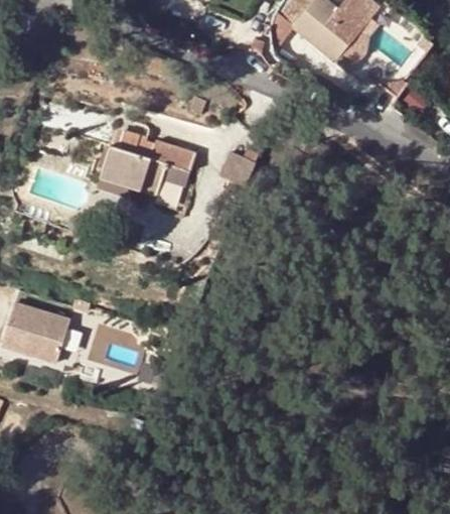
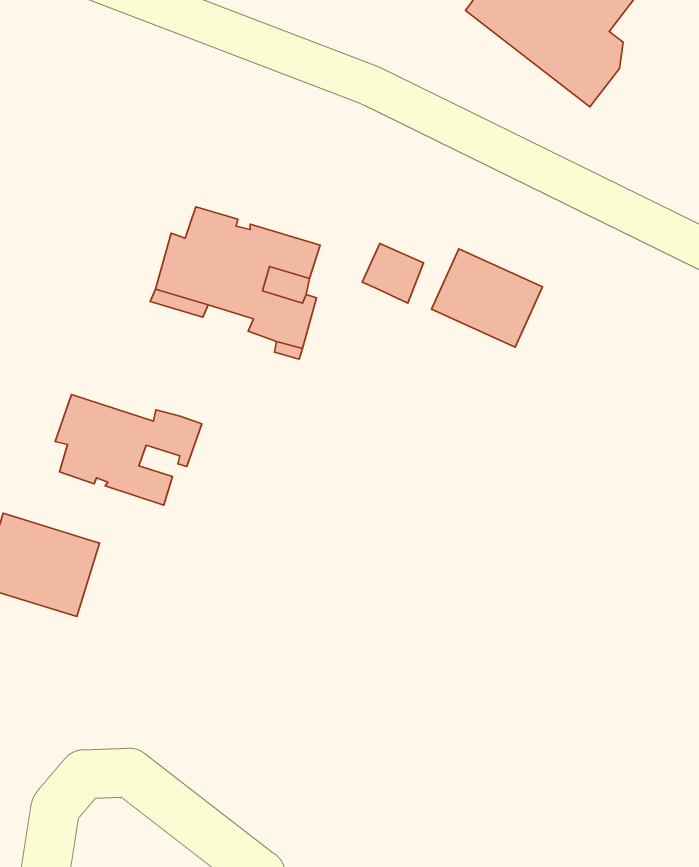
building: none -> [432,249,542,347]
building: none -> [55,394,202,505]

